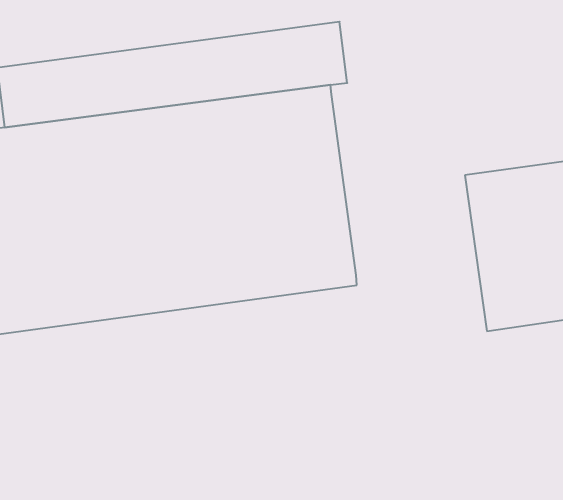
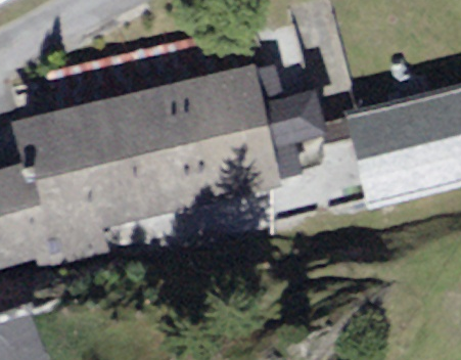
building: none -> [255,70,326,186]

